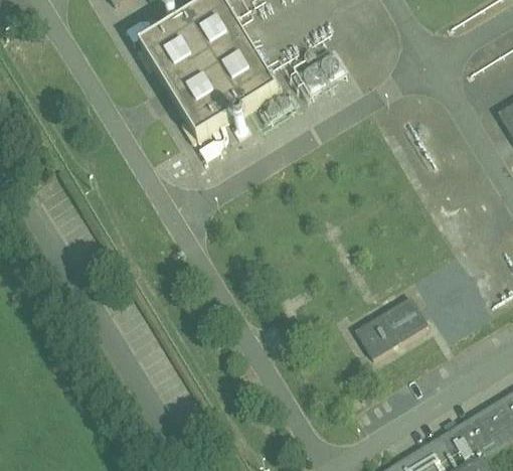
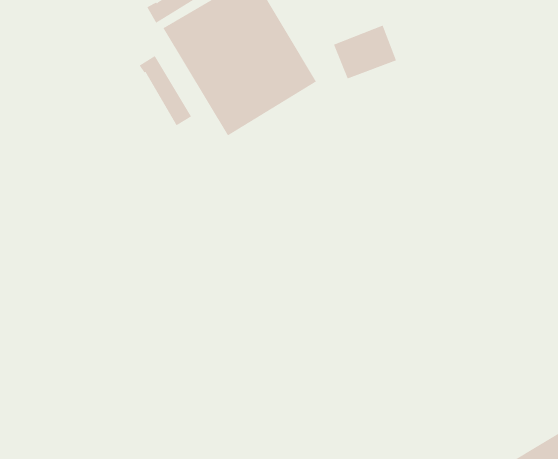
building: none -> [139,55,192,126]
building: [361,303,431,361] -> none

